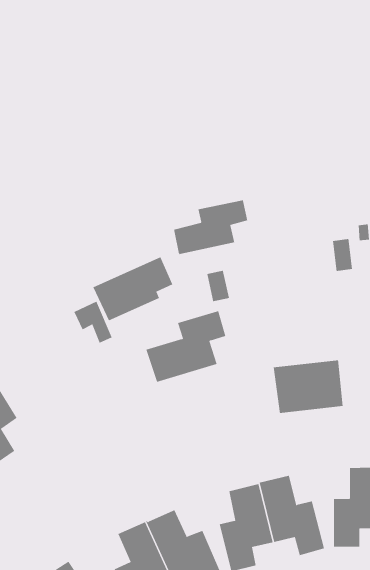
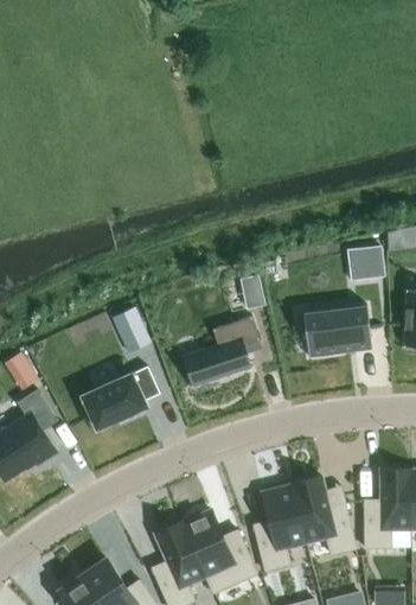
building: [173,199,248,255] -> none
building: [93,257,173,321] -> [81,367,159,429]
building: [273,360,344,414] -> [302,305,371,357]

